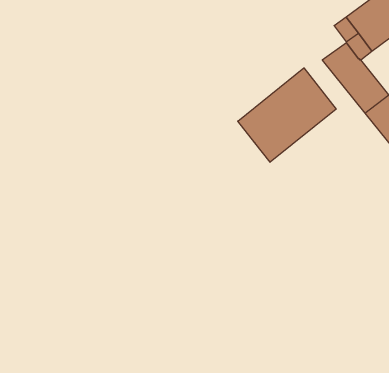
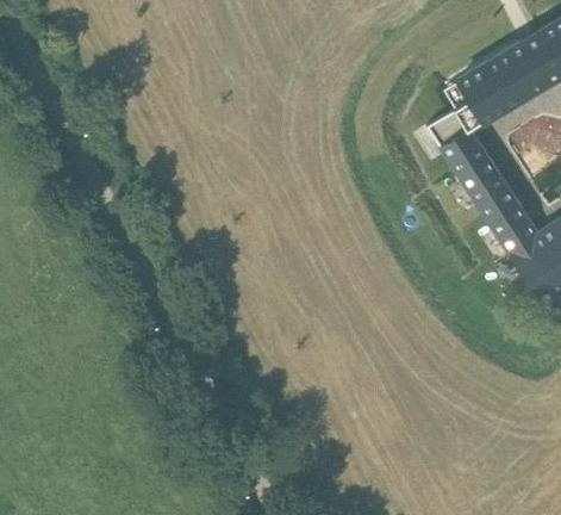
building: [238,68,336,162] -> none

